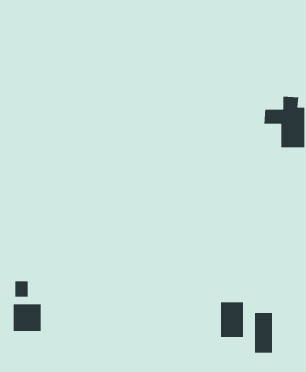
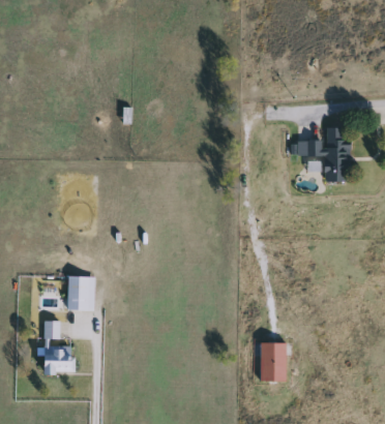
building: none -> [67,276,93,310]
building: [254,312,273,353] -> none

